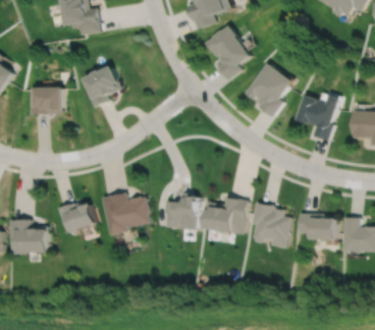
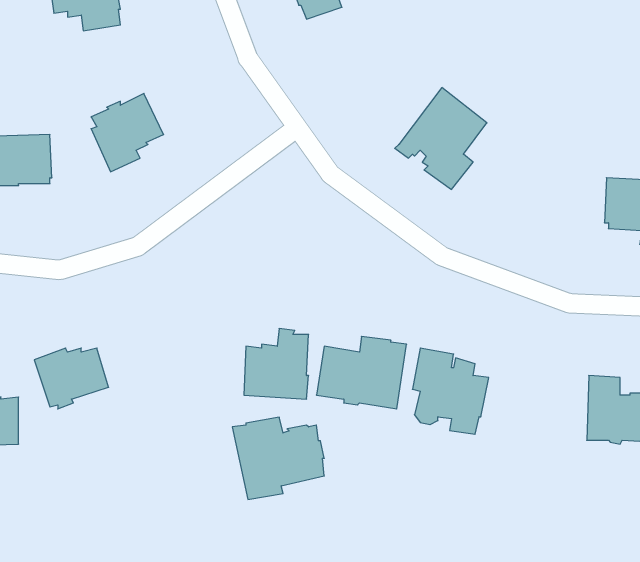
building: [204,26,249,81] -> none
building: [294,97,340,142] -> none
building: [100,190,148,233] -> [232,417,324,499]
building: [299,212,336,237] -> none

